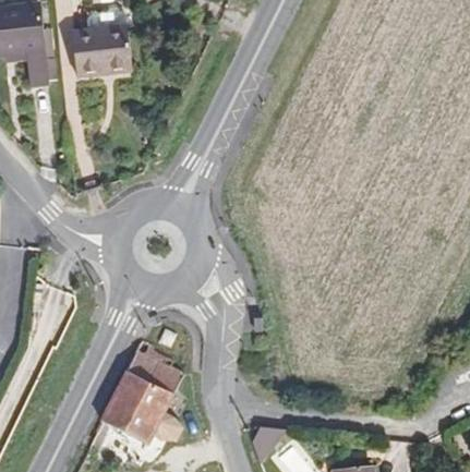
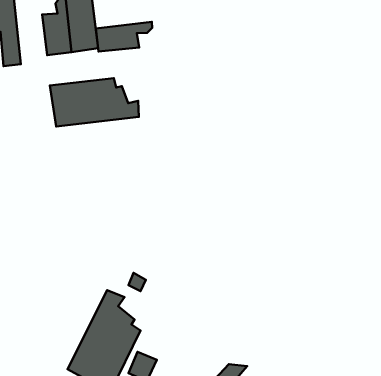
building: none -> [96,22,152,52]
building: none -> [50,78,139,127]

